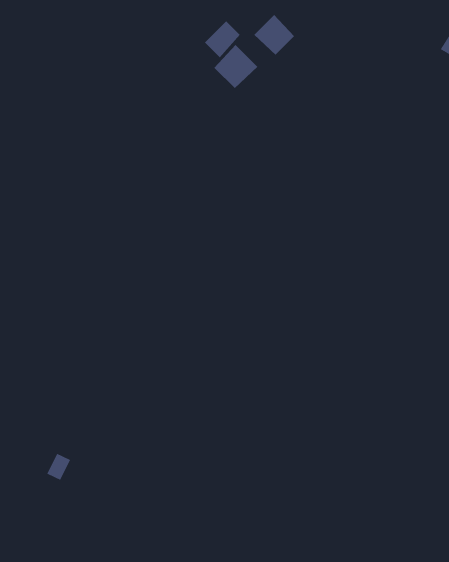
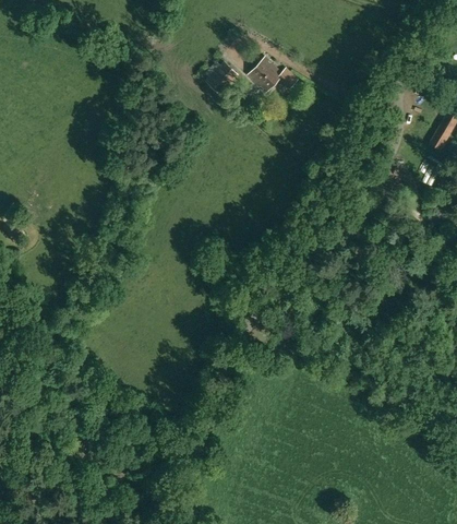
building: [214,44,258,89] -> none

